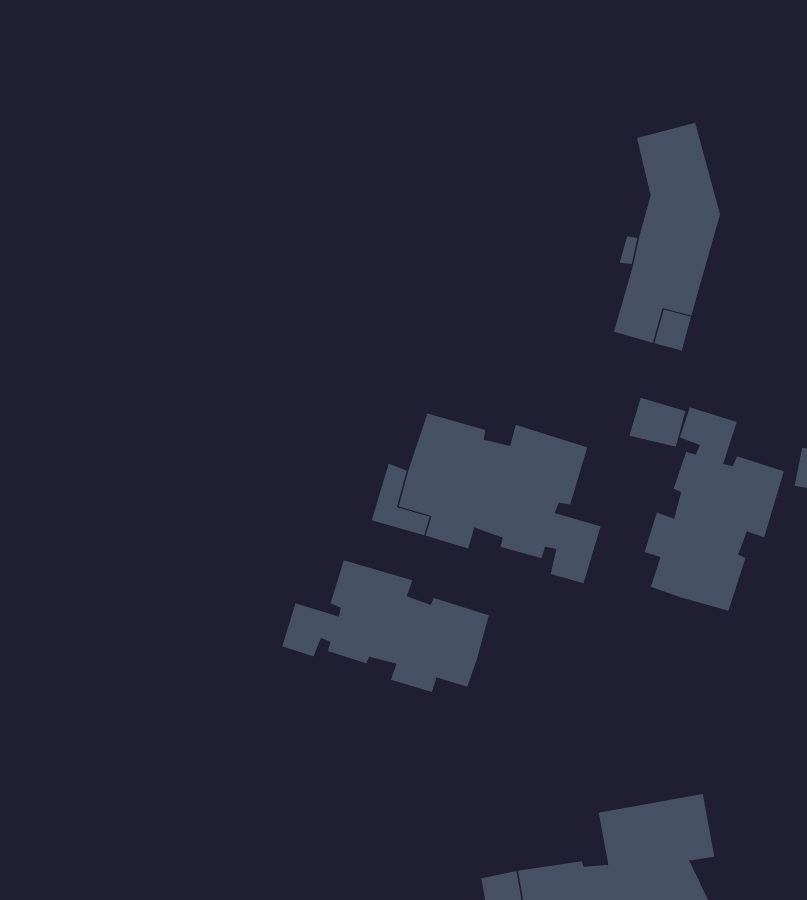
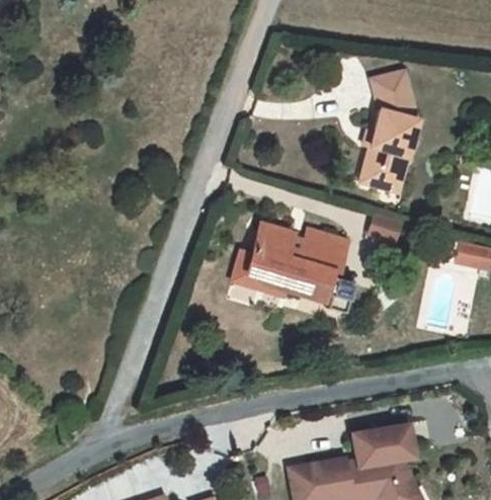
building: [644,406,785,612] -> none
building: [281,559,489,693] -> none

